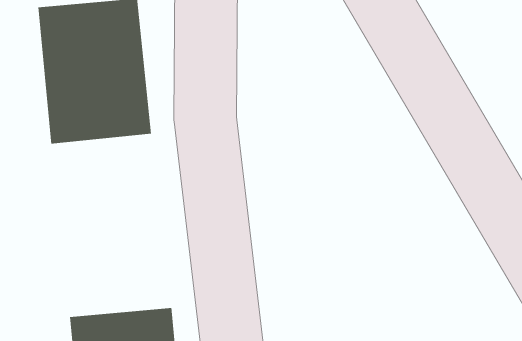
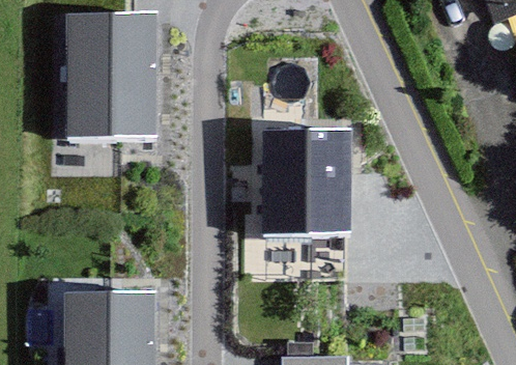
building: none -> [265,130,349,234]

